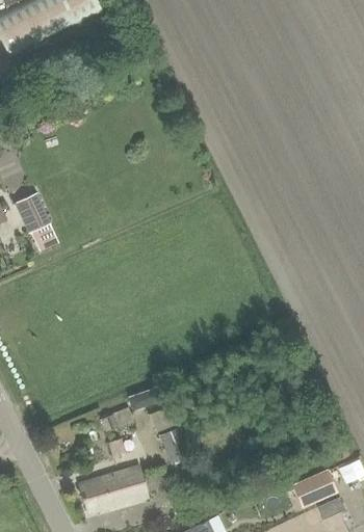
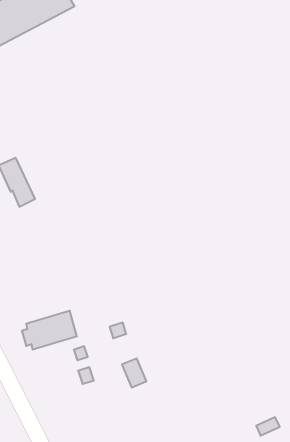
building: [82,464,148,510] -> [22,311,77,349]
building: [291,469,336,506] -> none

